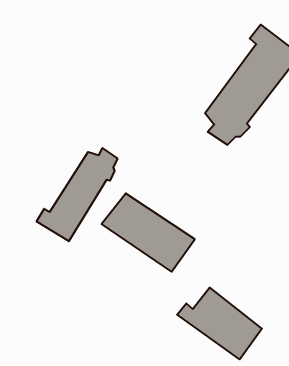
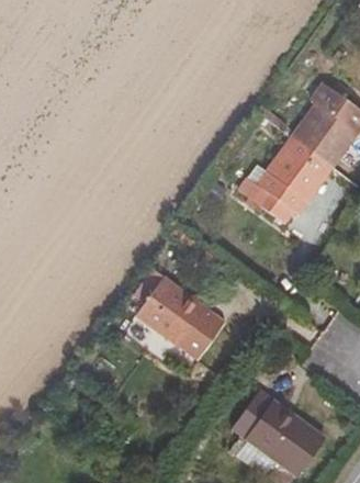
building: [37,148,117,241] -> none

